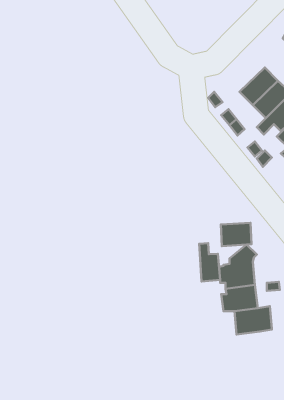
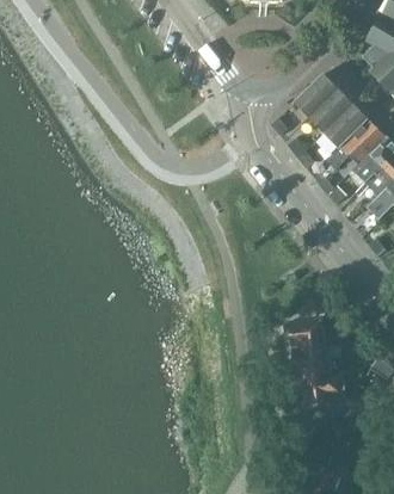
building: none -> [293,72,337,116]
building: [221,223,251,246] -> none
building: [199,243,220,281] -> none

